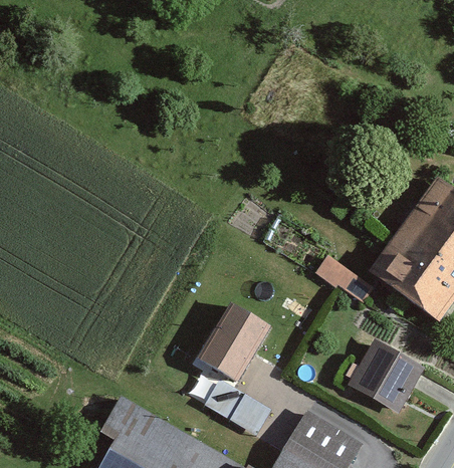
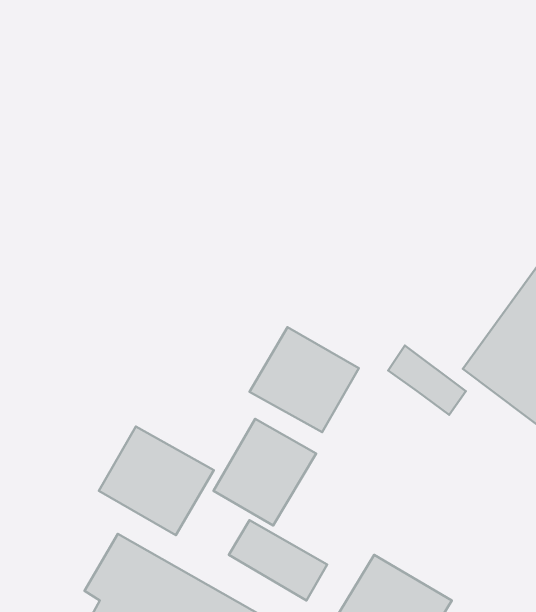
building: none -> [249,327,359,432]
building: none -> [99,427,214,535]
building: [347,342,418,414] -> none

